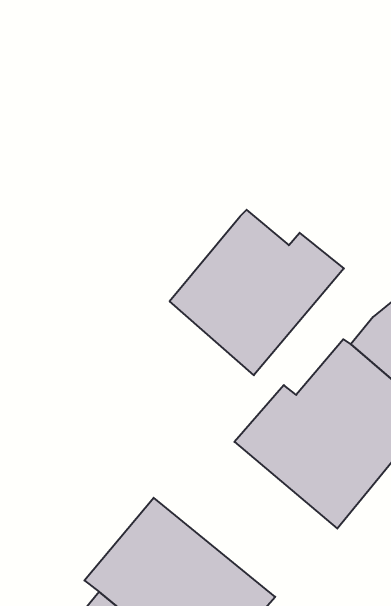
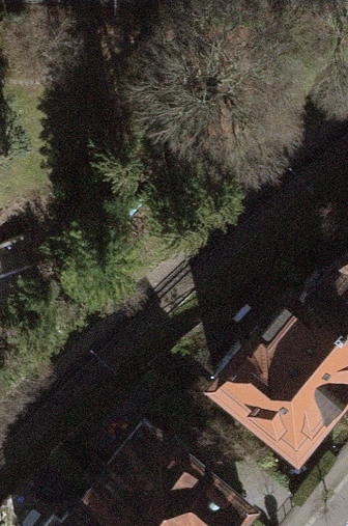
building: [170,210,344,375] -> none

